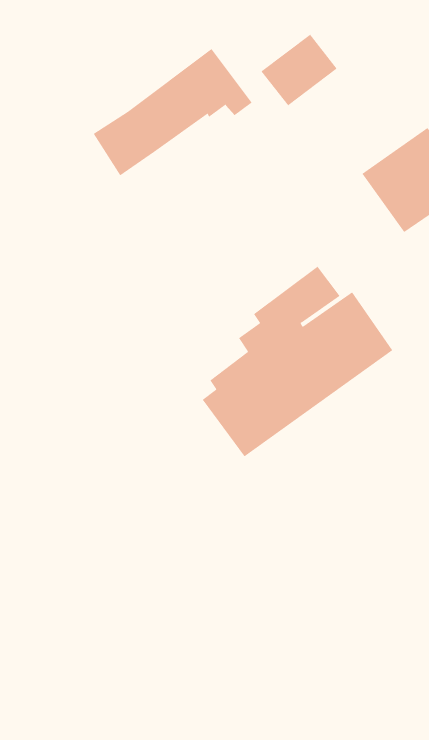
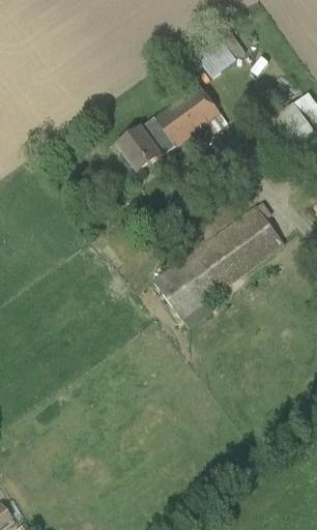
building: [93,48,252,176] -> [118,84,228,172]

